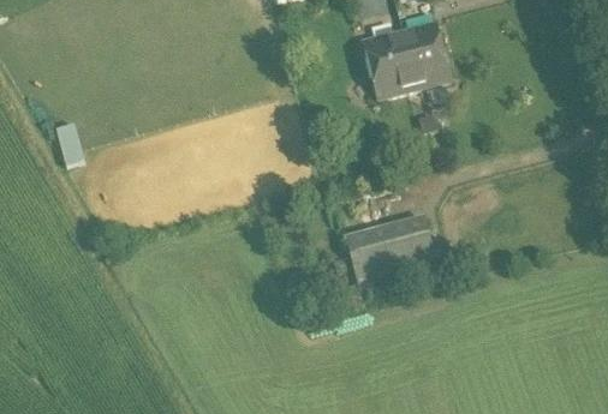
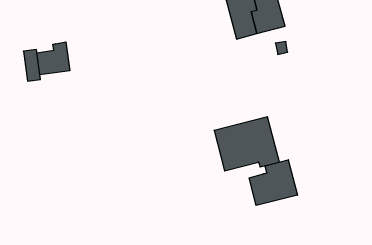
building: none -> [37,42,70,75]
building: none -> [249,160,297,205]

